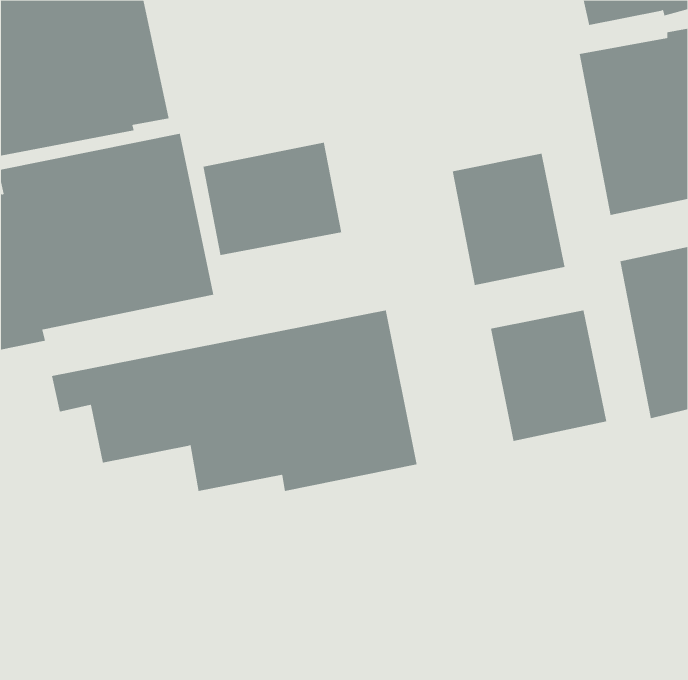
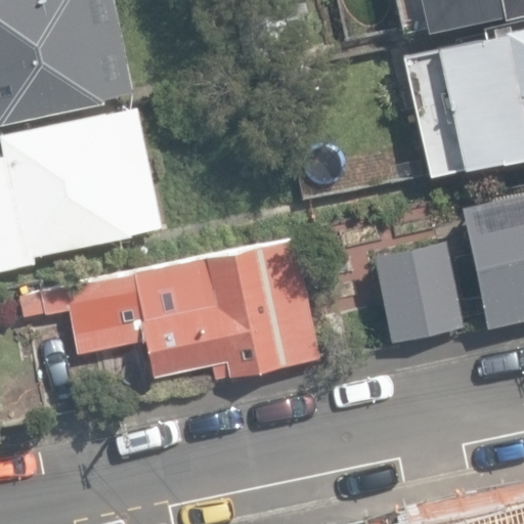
building: [203,142,342,256] -> none
building: [452,153,565,286] -> none

